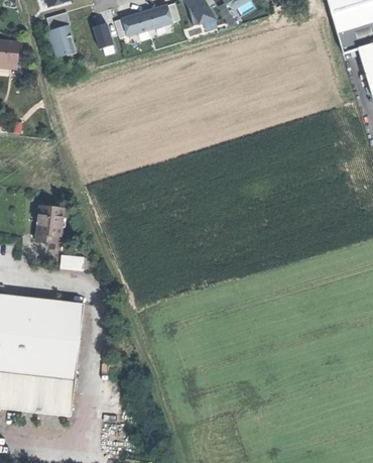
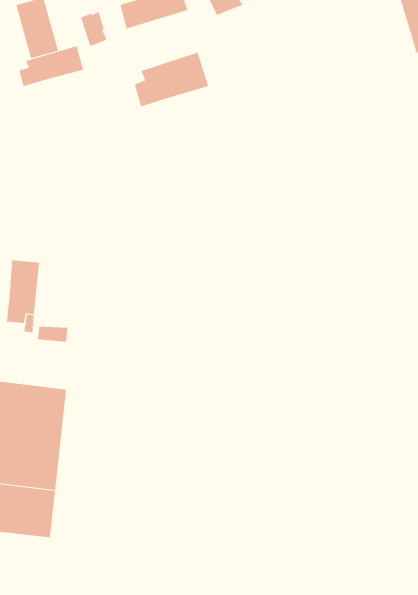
building: none -> [19,46,84,87]
building: none -> [134,52,209,107]

